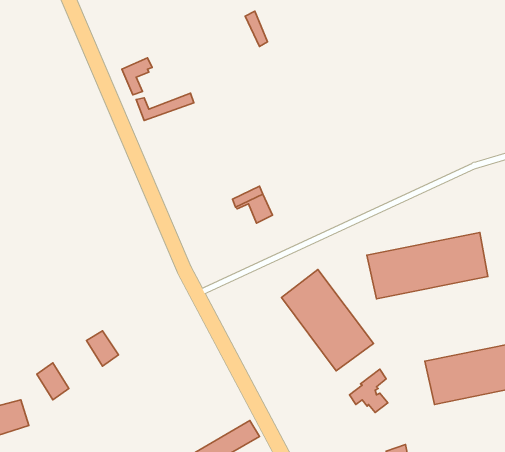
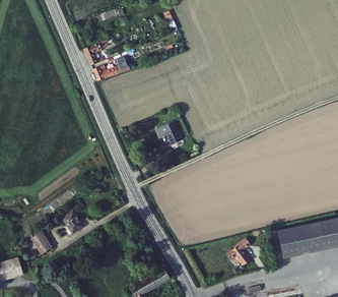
building: [367,232,488,299] -> none
building: [282,269,373,371] -> none

